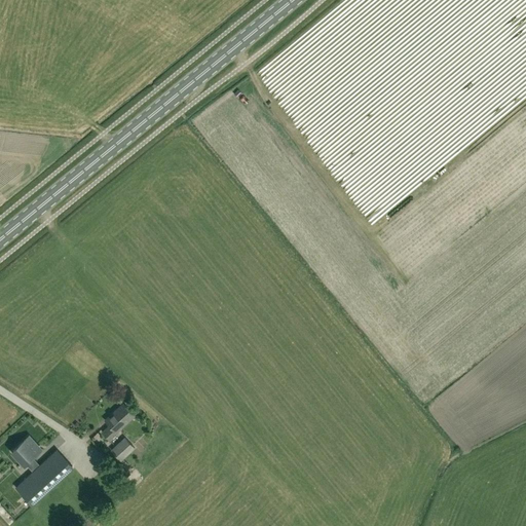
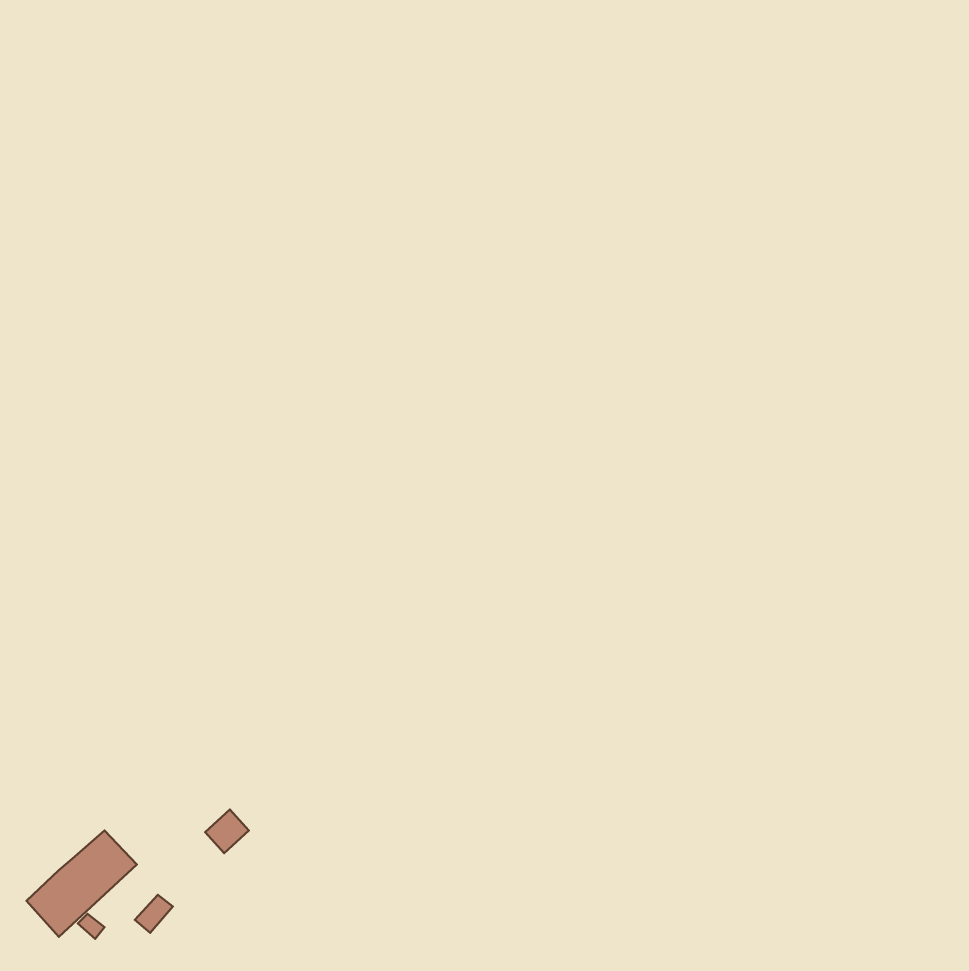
building: [102,404,134,441] -> none
building: [12,437,41,471] -> none

